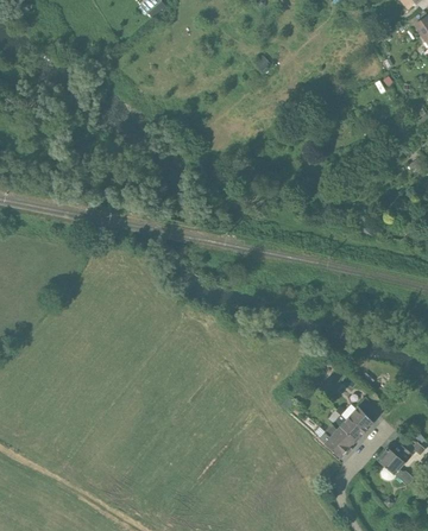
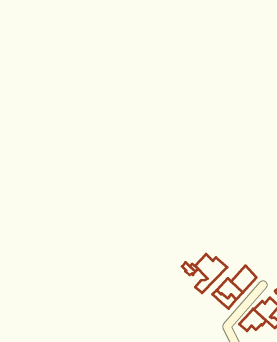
building: none -> [195,254,227,293]
building: none -> [239,309,266,331]

